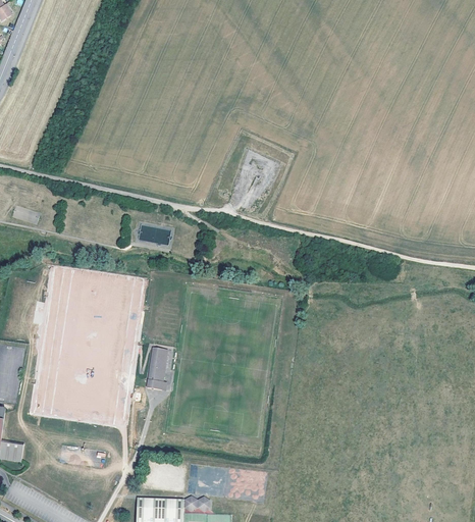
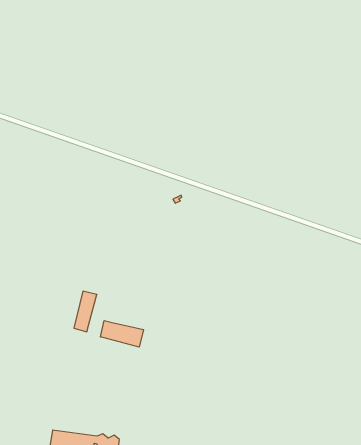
building: none -> [100,321,144,347]

